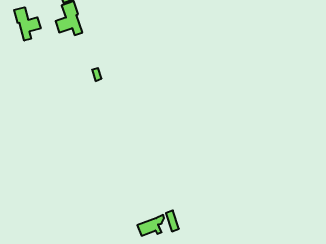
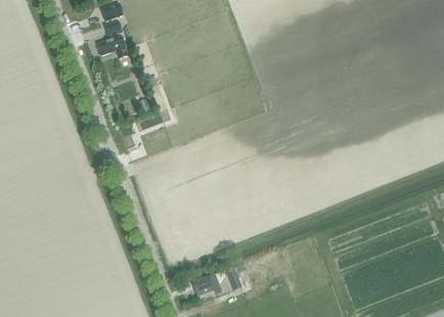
building: [14,7,41,41] -> none

